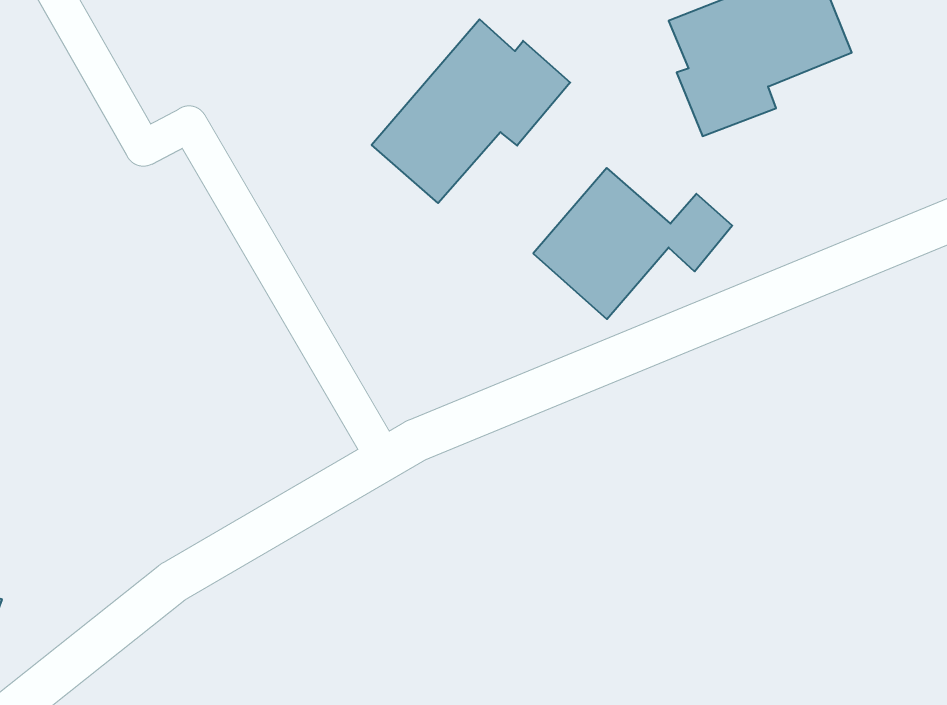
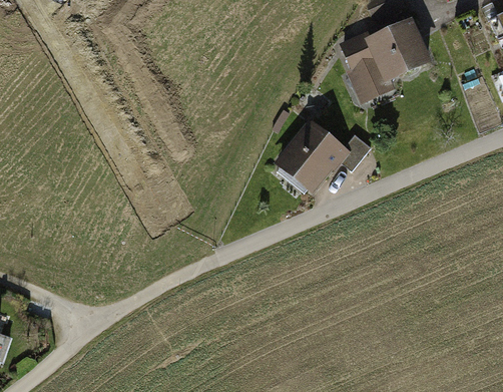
building: [372,19,570,203] -> none

